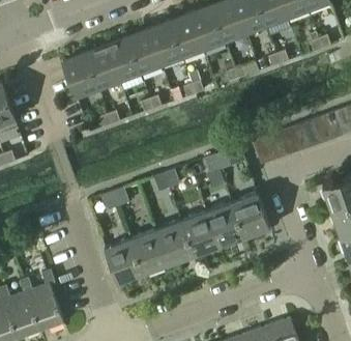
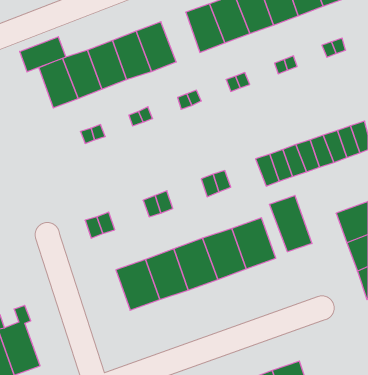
building: [169,13,203,57] -> none
building: none -> [20,37,66,72]
building: none -> [270,195,312,252]
building: [104,239,142,284] -> none

